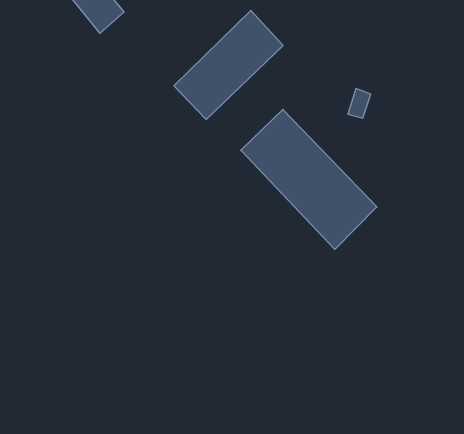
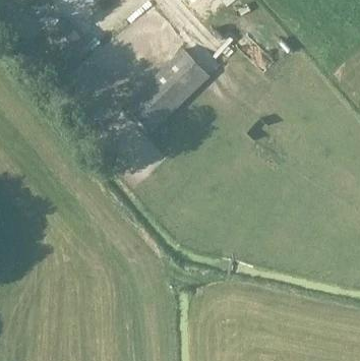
building: [241,109,377,249] -> none

